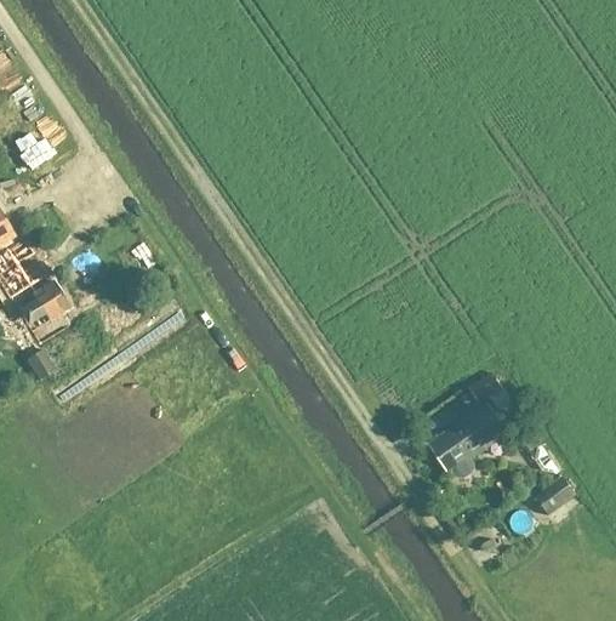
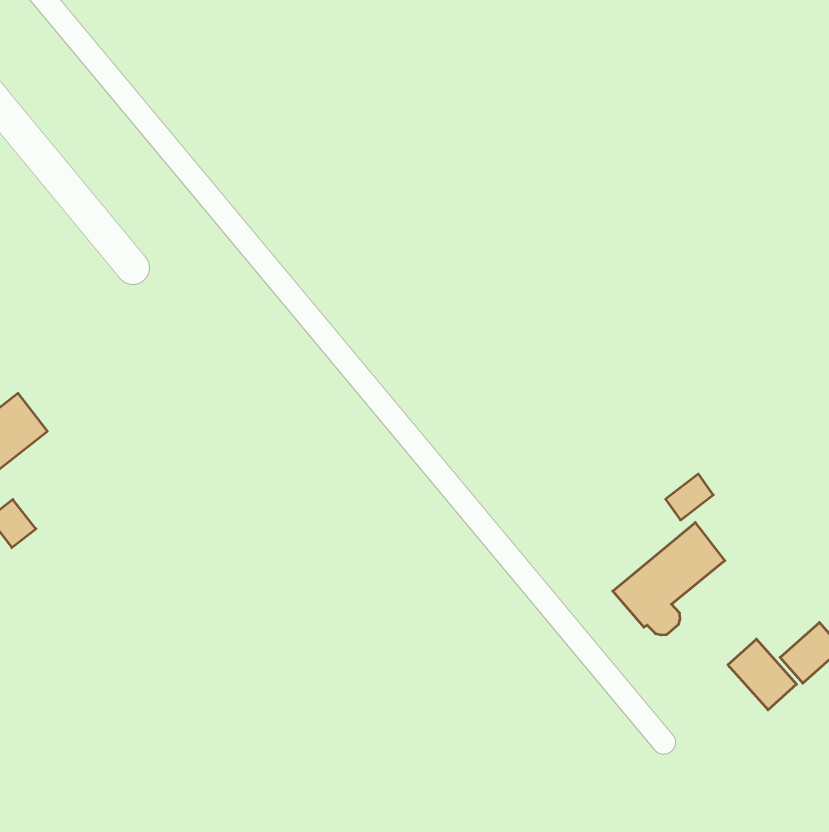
building: none -> [728,639,797,710]

